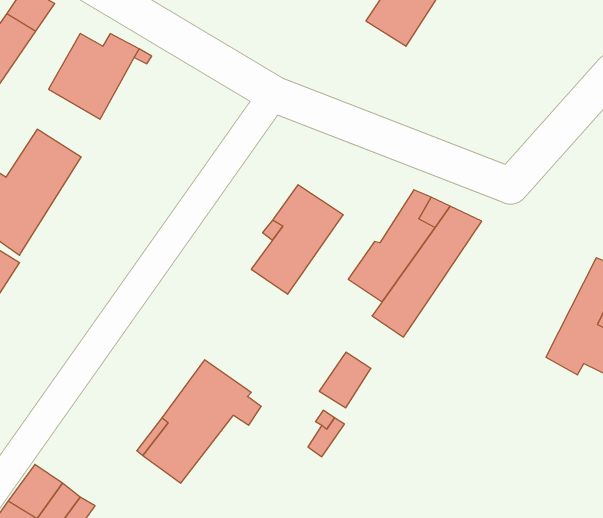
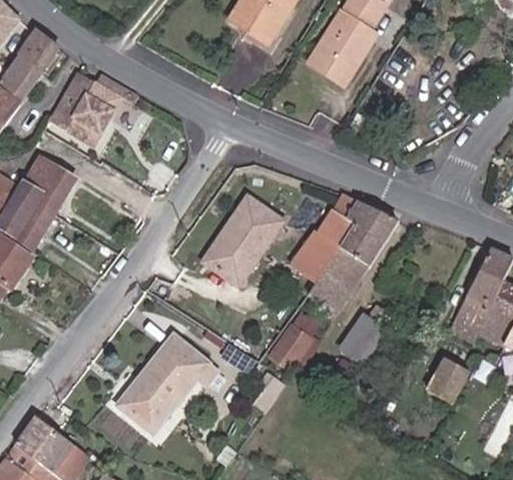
building: none -> [337,306,388,364]
building: none -> [426,361,467,406]

